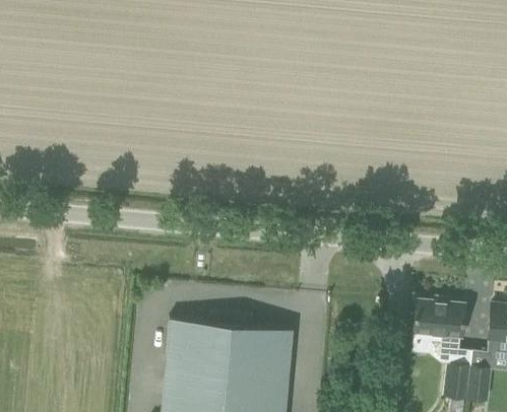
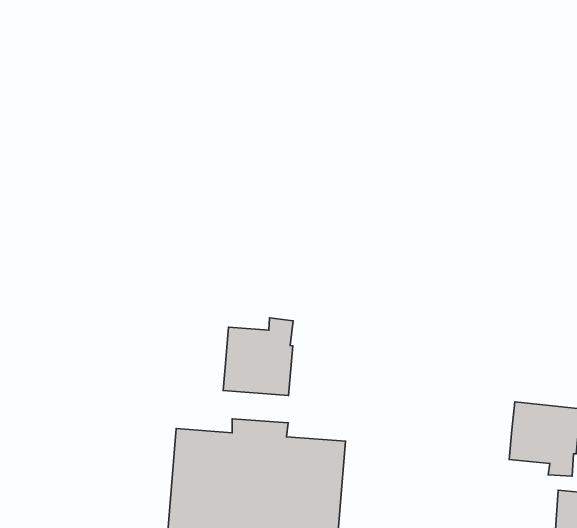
building: none -> [223,318,293,395]

